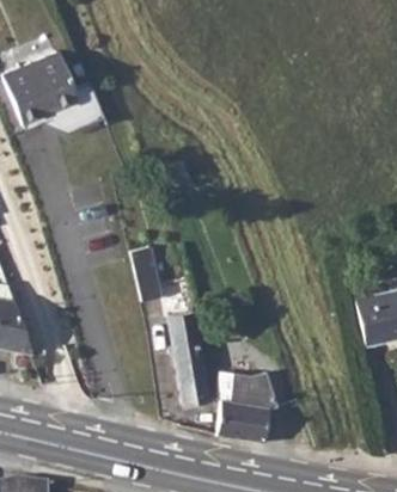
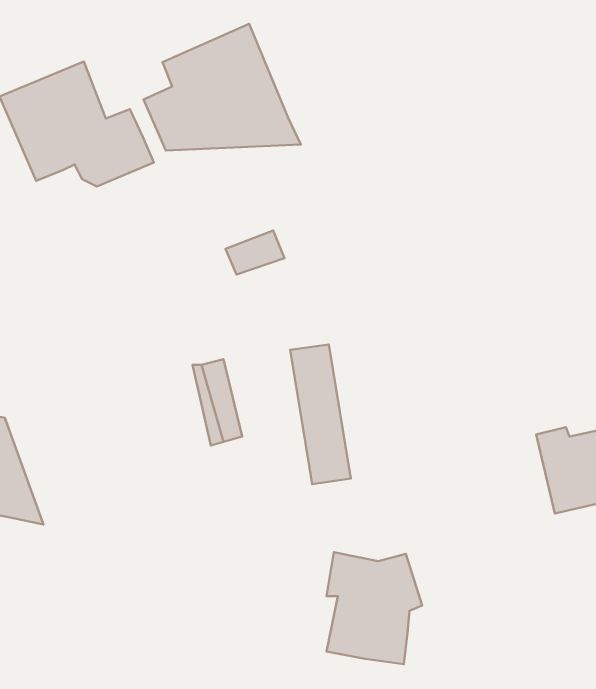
building: none -> [143,24,301,151]
building: [167,312,207,402] -> [290,344,351,484]

